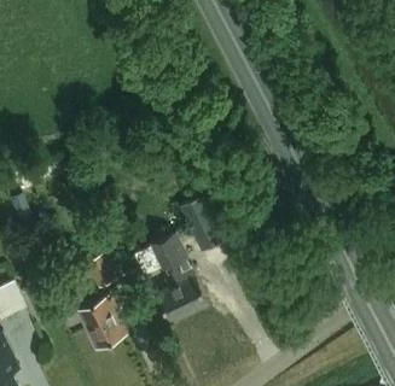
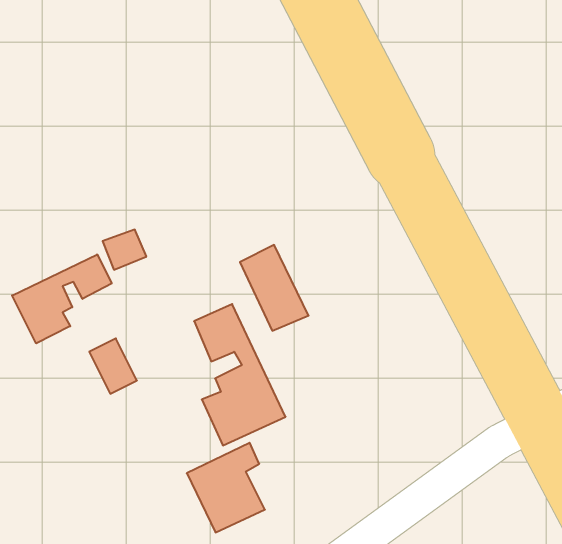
building: none -> [12,254,112,343]
building: [77,292,127,349] -> [187,443,265,532]

